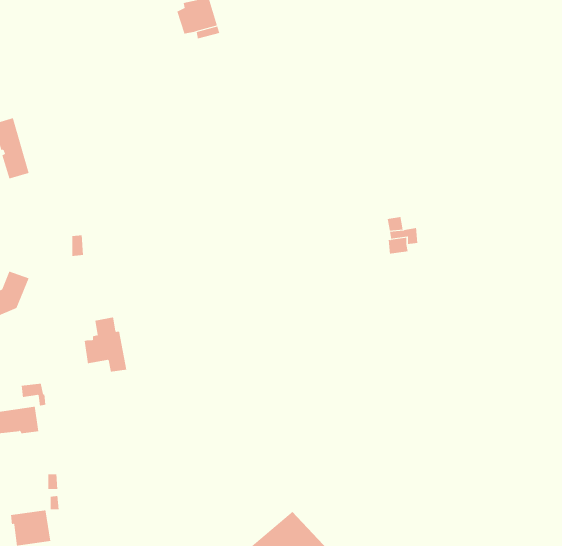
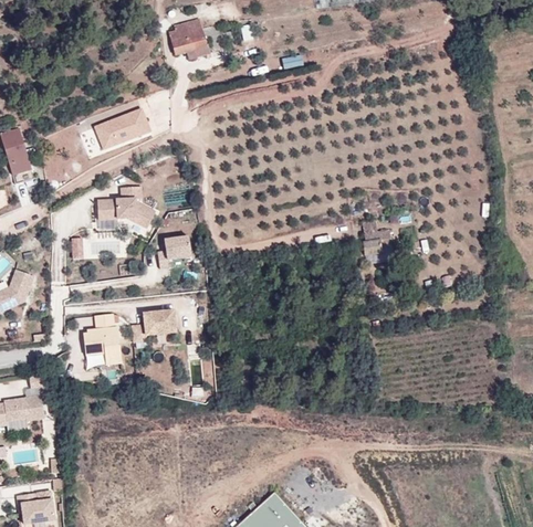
building: none -> [96,107,153,147]
building: none -> [96,185,156,228]
building: none -> [158,234,191,267]
building: none -> [133,306,177,341]

